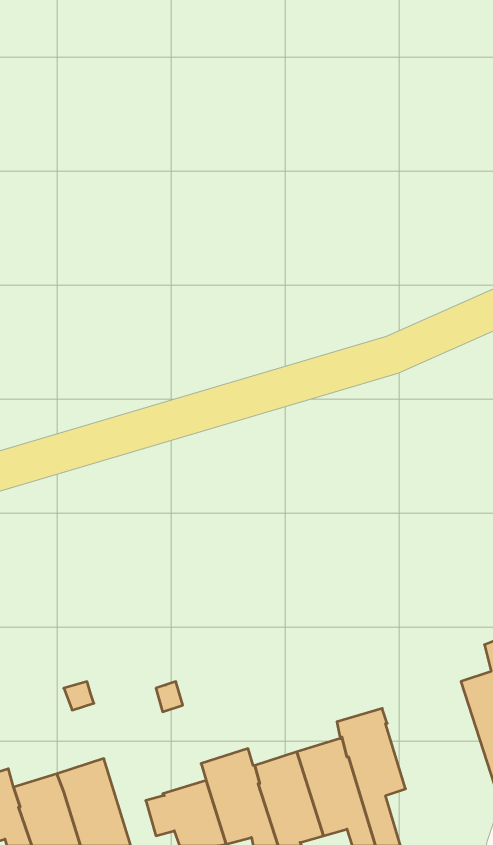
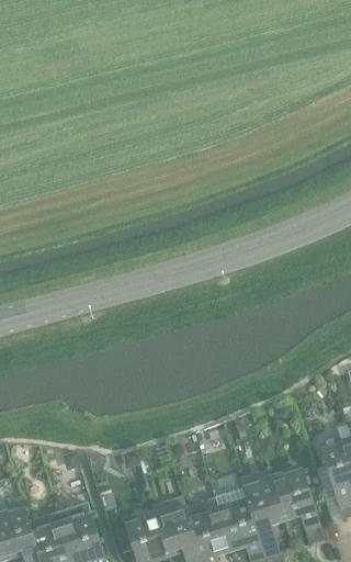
building: none -> [271,470,324,543]

